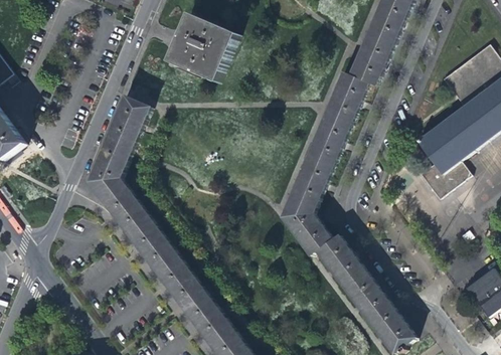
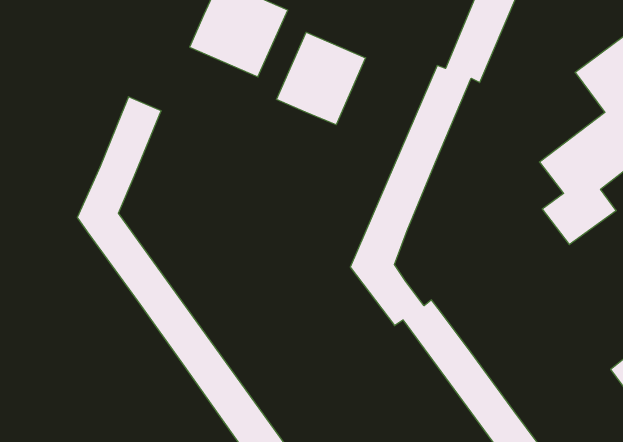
building: none -> [277,32,366,125]

